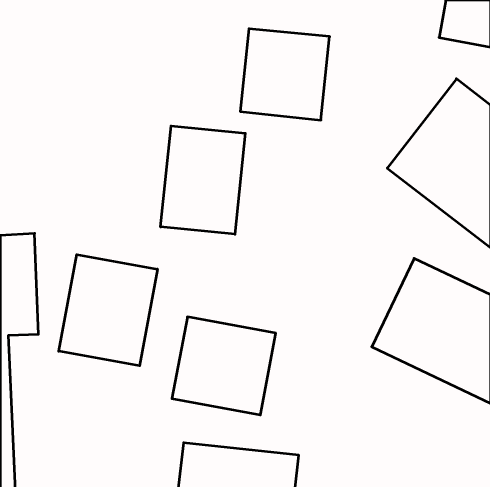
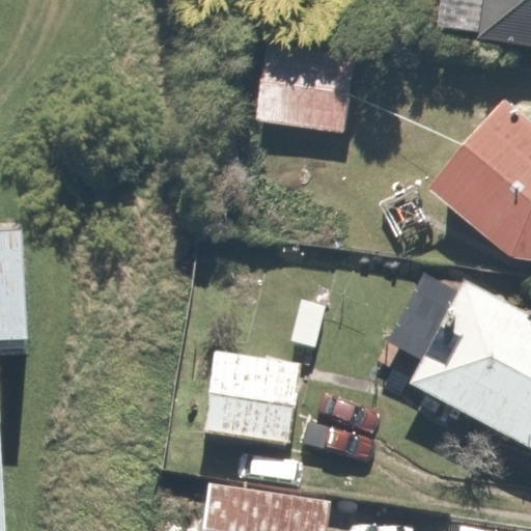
building: [161,126,245,234] -> none
building: [59,255,157,366] -> none

